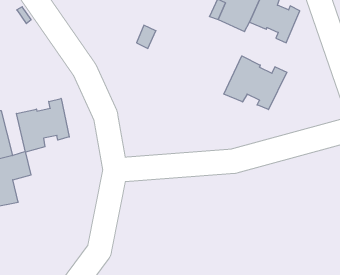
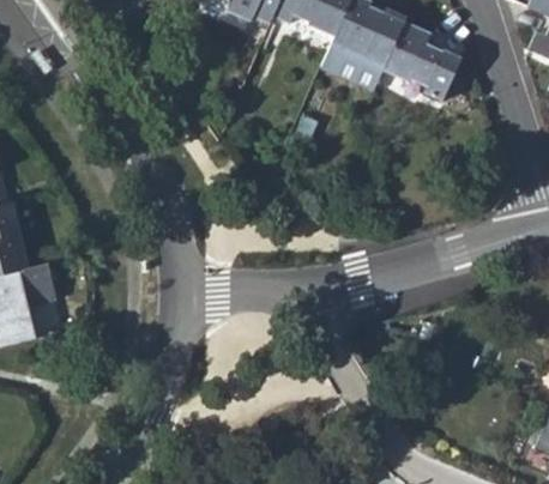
building: [224,56,287,110] -> none
building: [16,98,69,152] -> none

